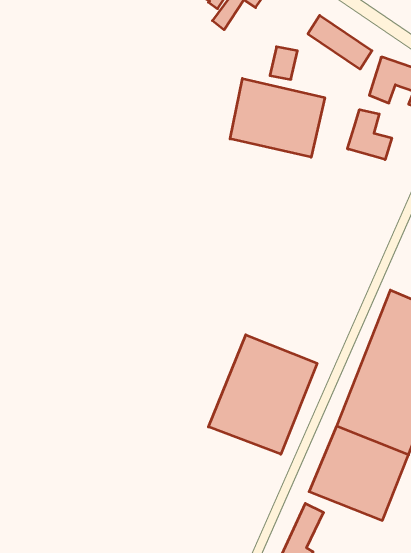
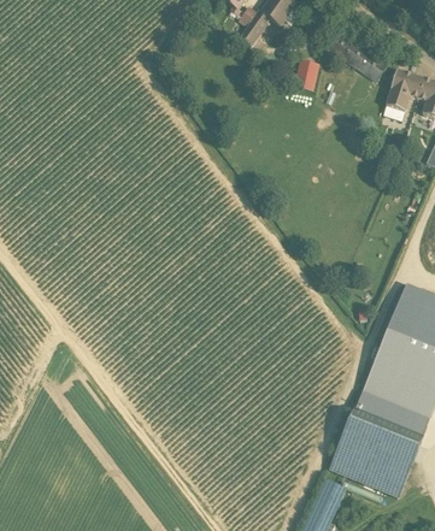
building: [230,78,325,157] -> none
building: [347,110,392,160] -> none
building: [208,335,317,454] -> none

